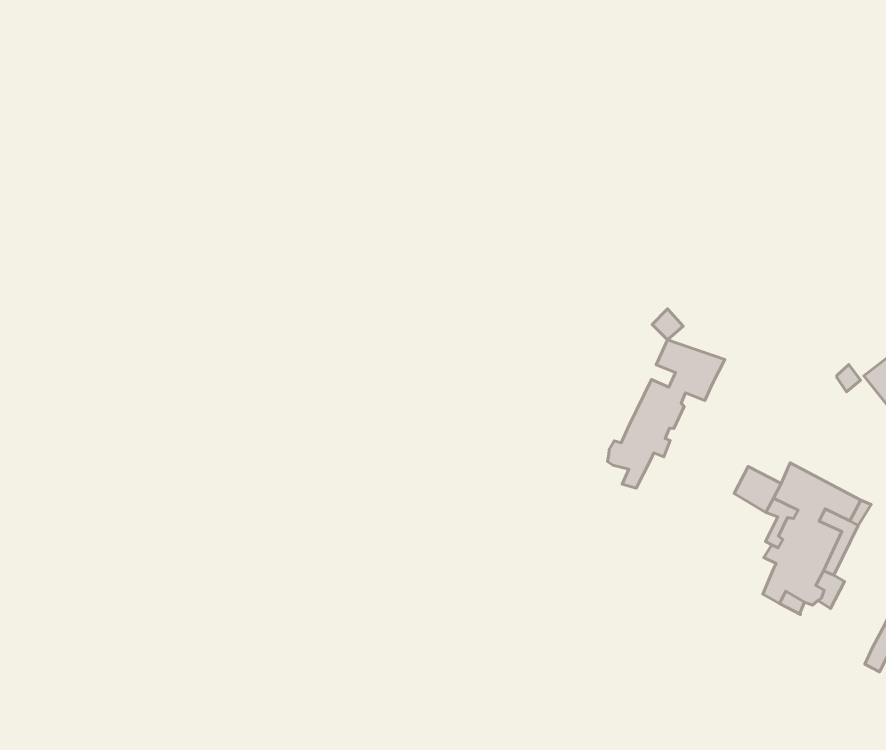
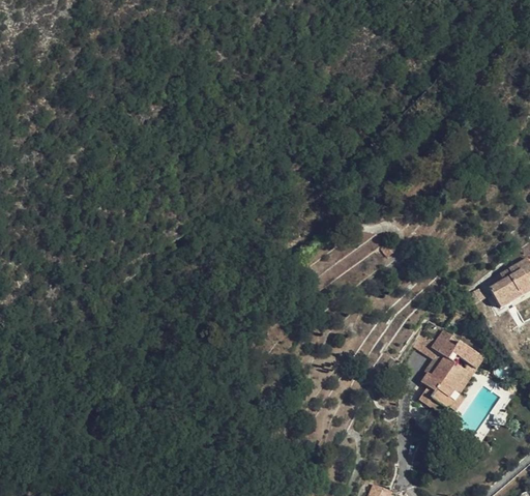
building: [607,340,725,488] -> none

